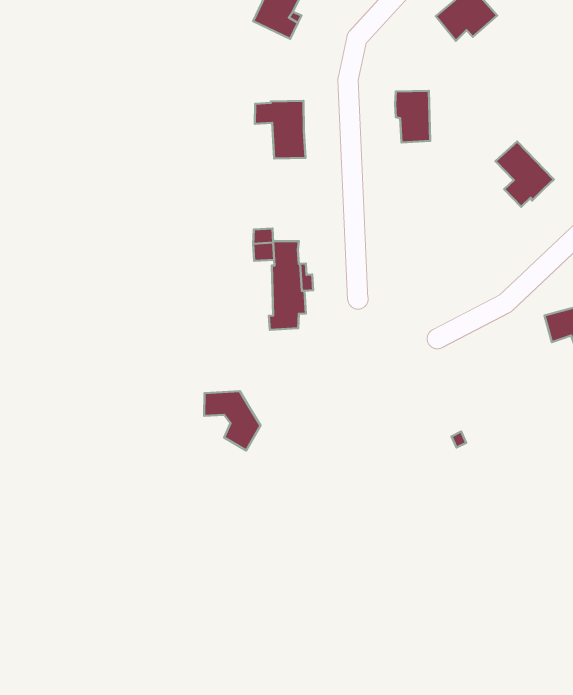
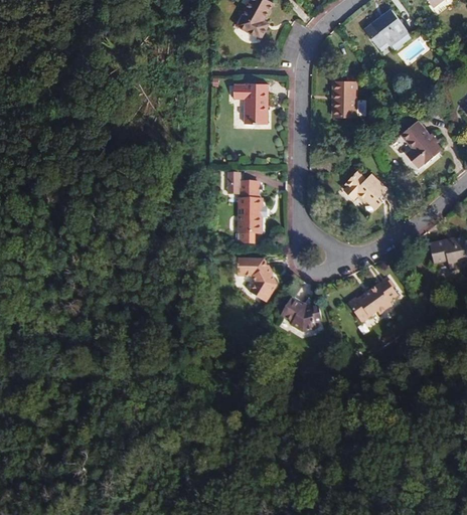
building: none -> [343,171,386,208]
building: none -> [347,279,398,322]
building: [204,391,261,451] -> [238,260,277,302]
building: none -> [281,300,322,331]

